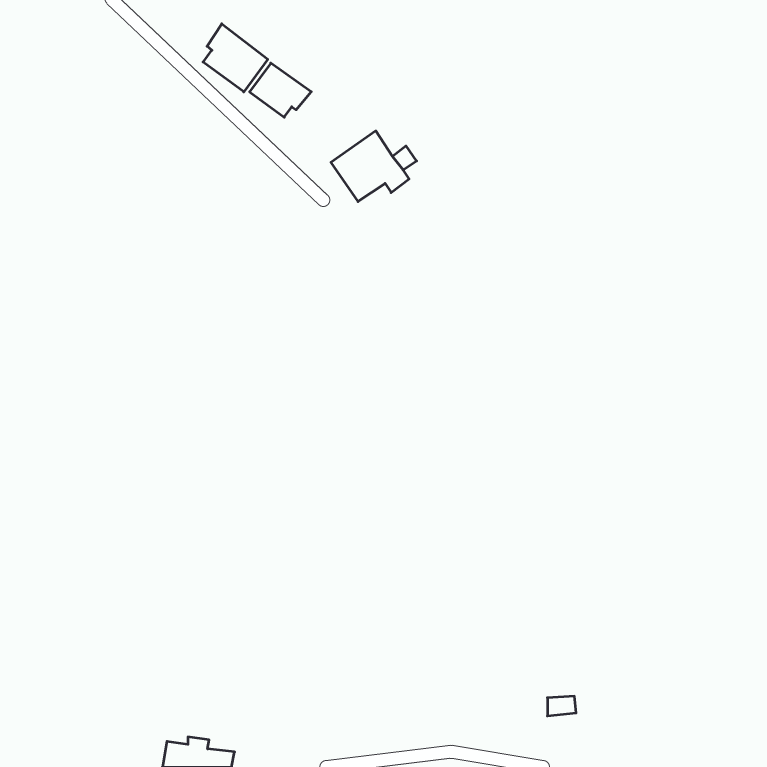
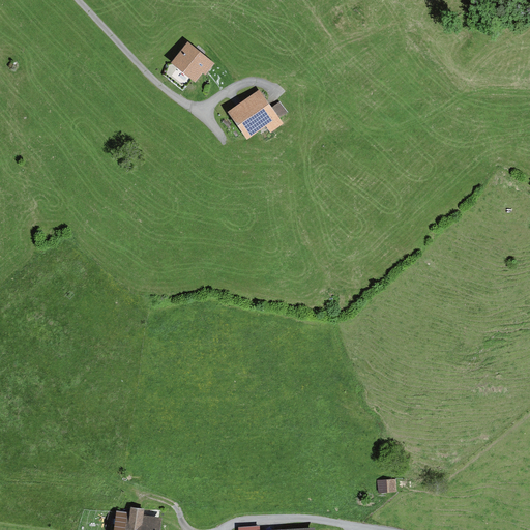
building: [203,24,268,92] -> none

